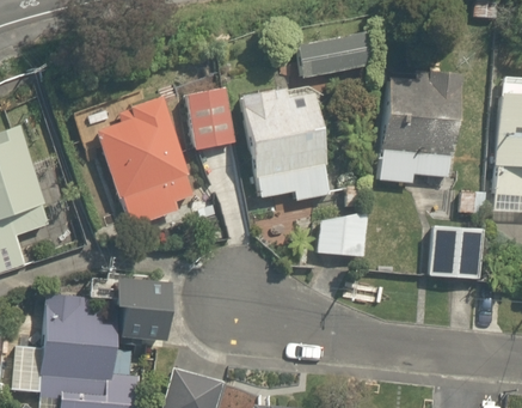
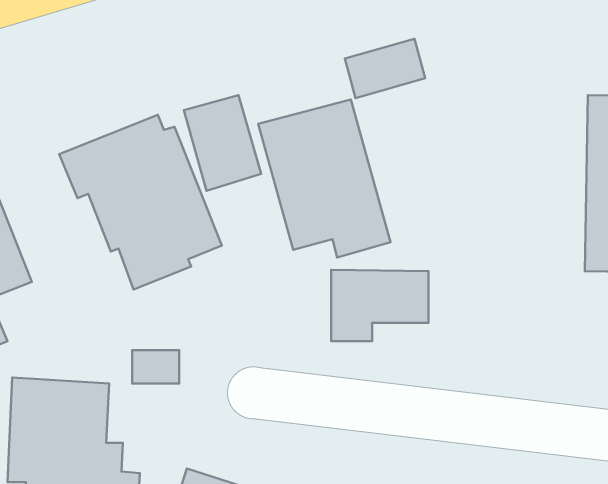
building: [379,71,454,187] -> none
building: [420,225,490,281] -> none

